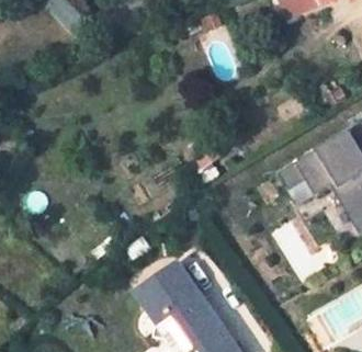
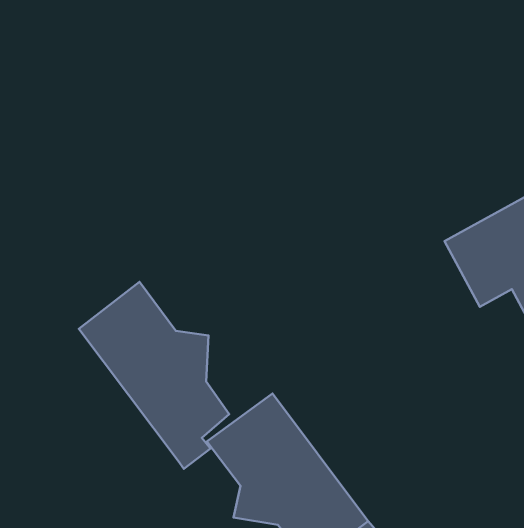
building: none -> [79,282,229,469]

